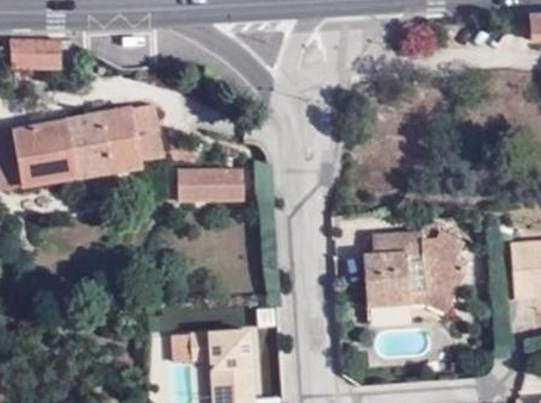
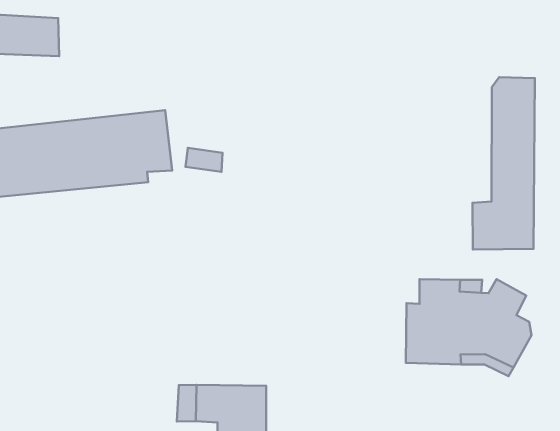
building: none -> [473,77,535,250]
building: [180,167,247,199] -> none

